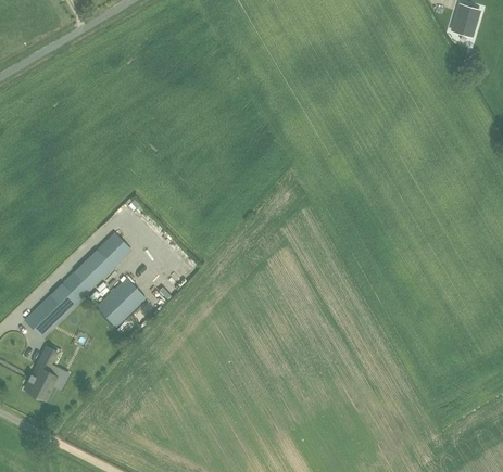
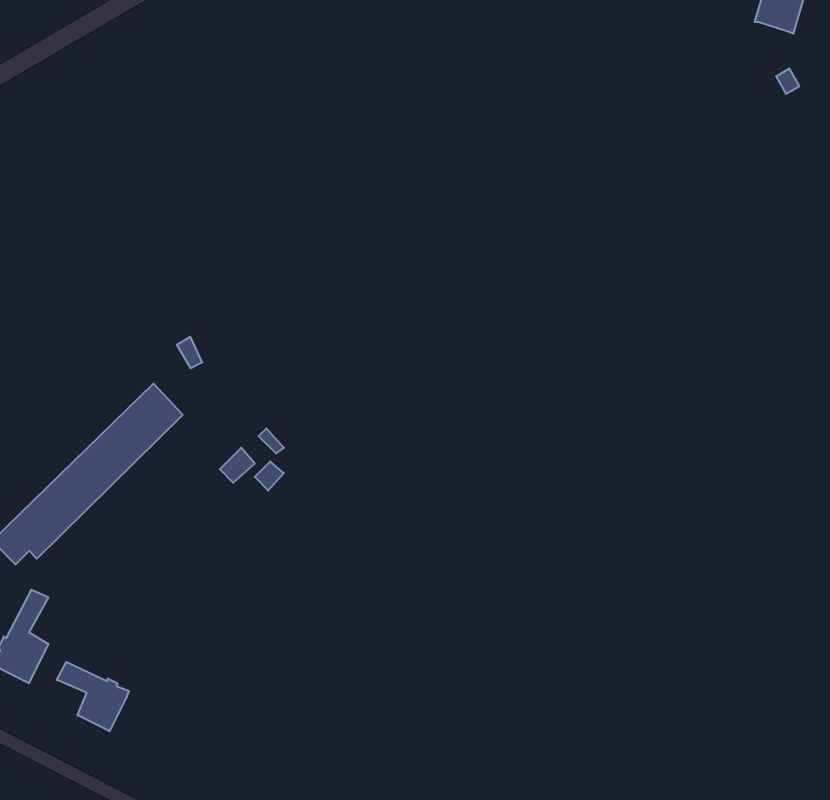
building: [96,277,146,328] -> none
building: none -> [57,662,129,731]

